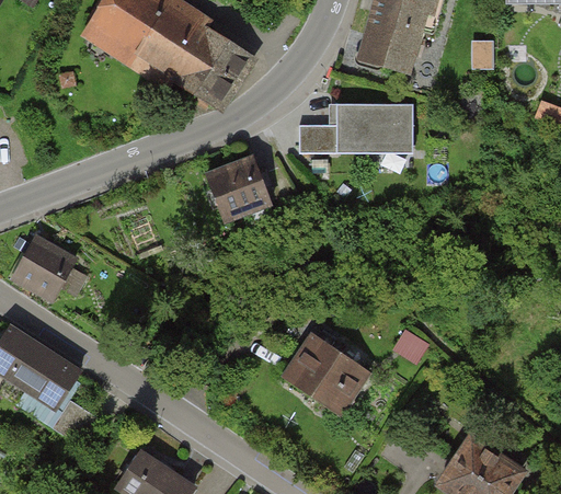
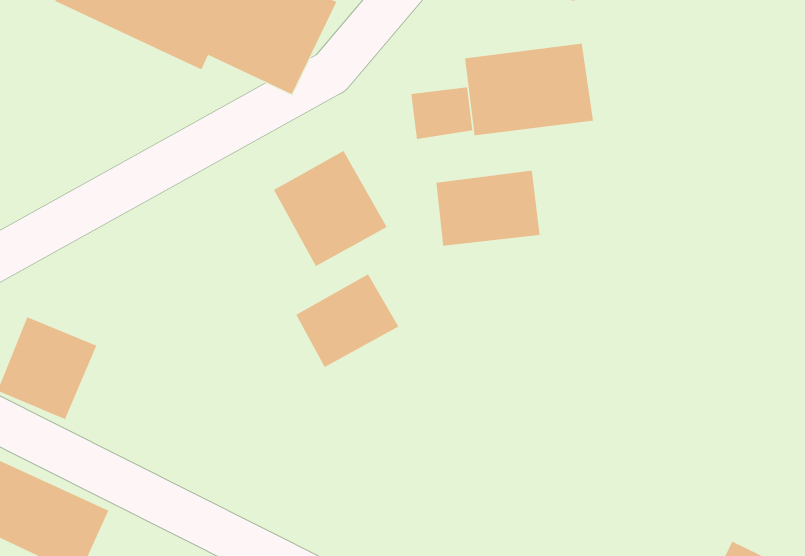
building: none -> [436,170,540,247]
building: none -> [295,274,399,368]
building: [282,333,371,416] -> none

